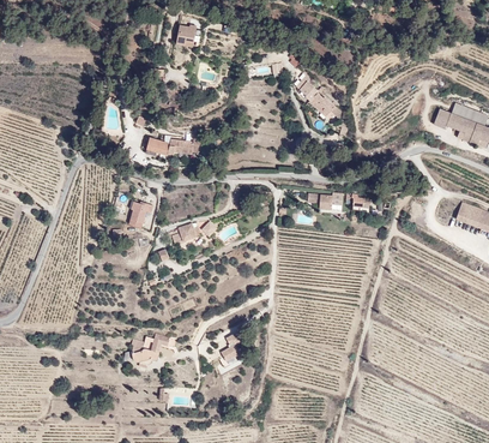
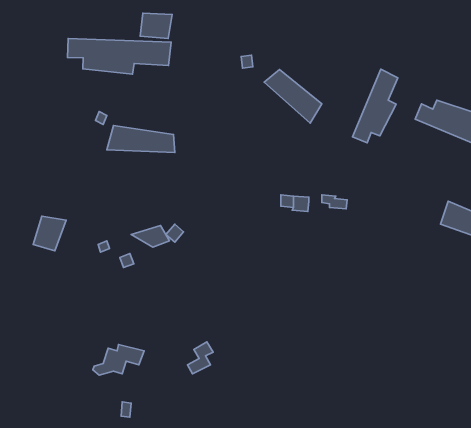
building: none -> [67,38,171,74]
building: none -> [353,69,398,143]
building: [126,200,157,233] -> [33,216,66,251]

